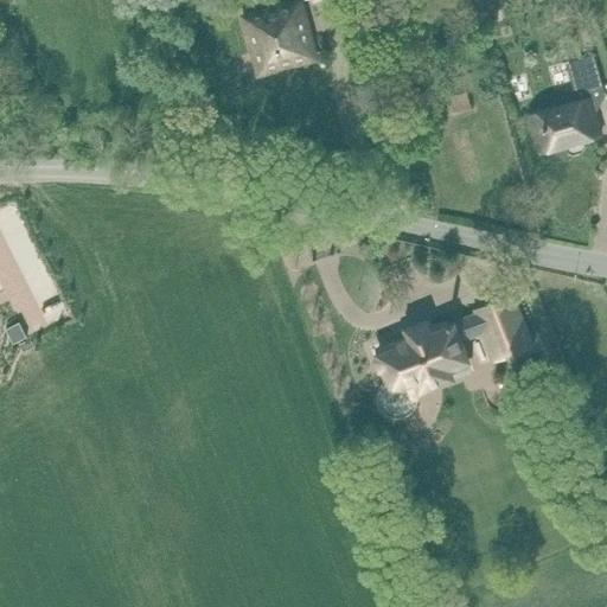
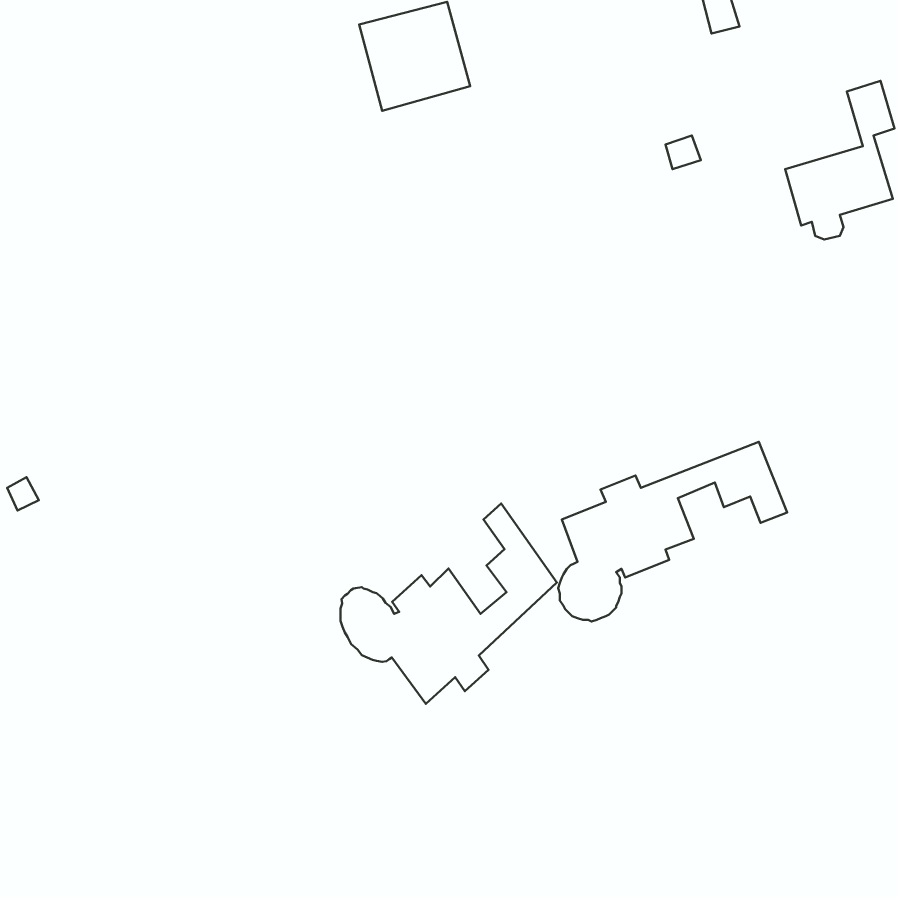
building: none -> [340,503,557,704]

